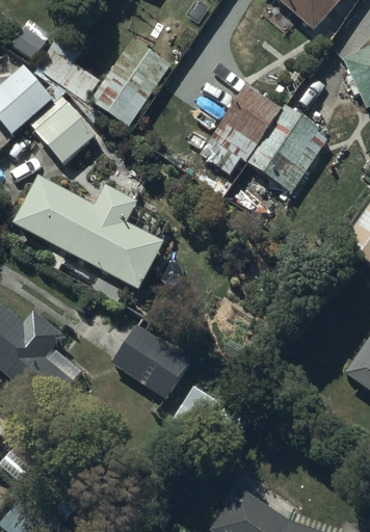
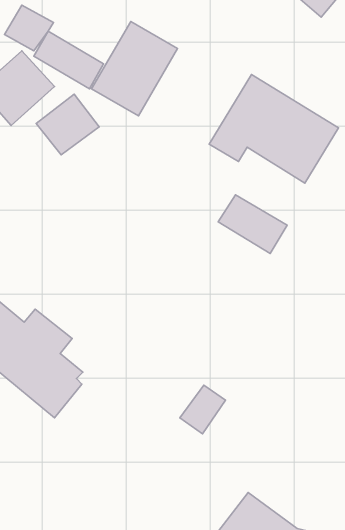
building: [11,175,166,290] -> none
building: none -> [218,195,287,253]
building: [110,320,191,397] -> none

